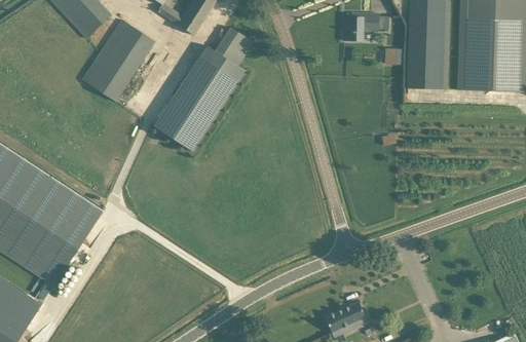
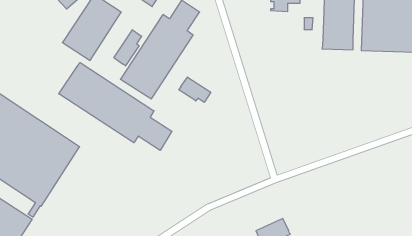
building: none -> [114,30,142,66]
building: none -> [59,63,172,150]
building: none -> [179,77,211,102]

